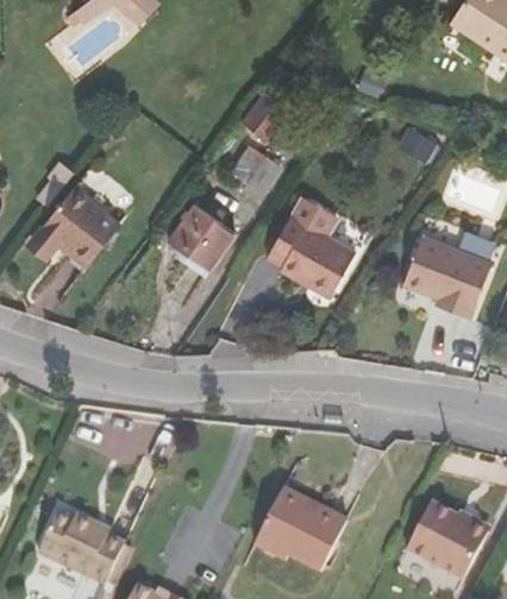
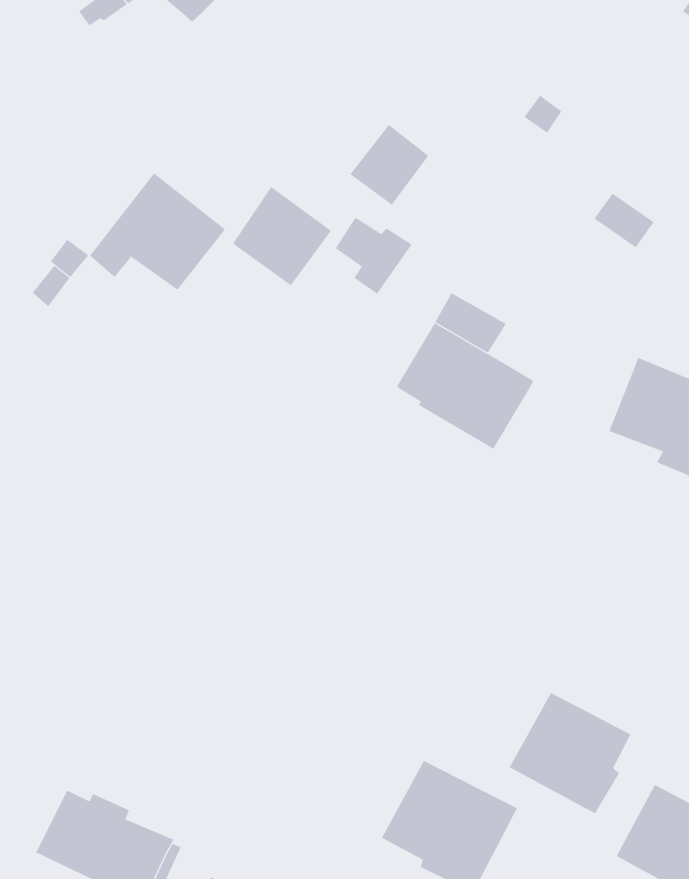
building: [29,184,117,260] -> [89,172,226,291]
building: [168,201,232,265] -> [232,186,332,286]
building: none -> [509,692,631,814]

